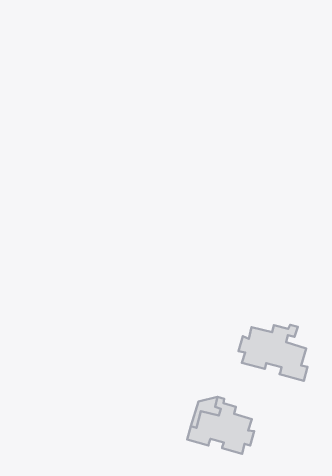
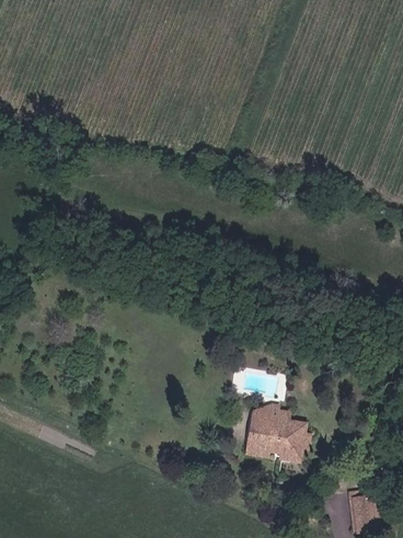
building: [239,325,308,381] -> none

